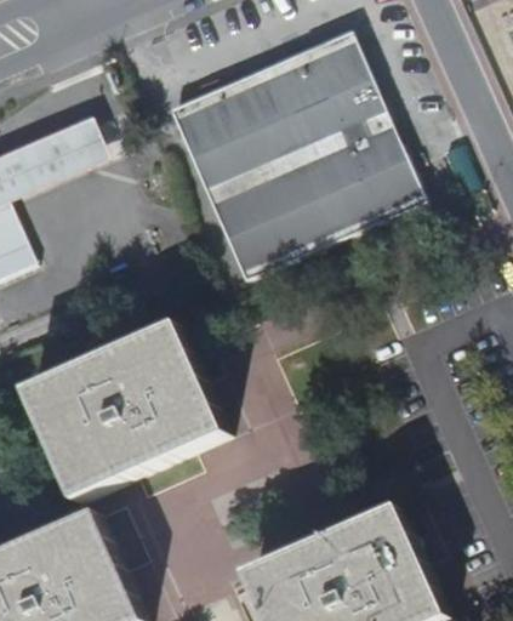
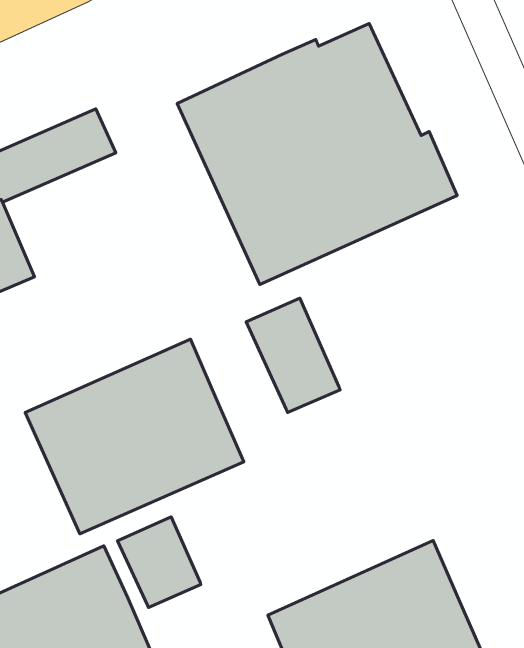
building: none -> [246,298,340,412]
building: none -> [117,517,201,607]

